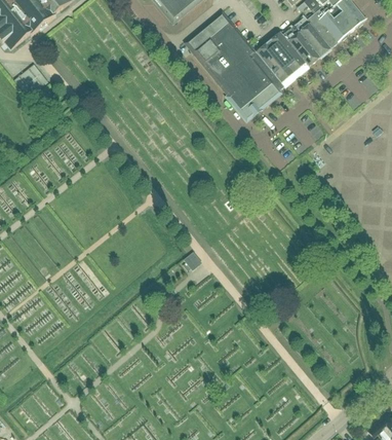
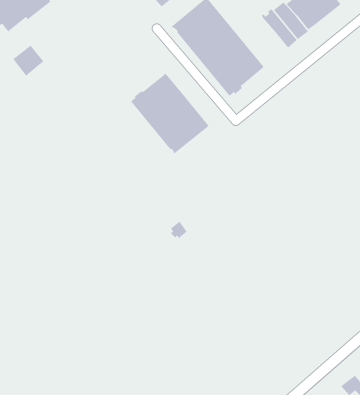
building: [256,32,308,86] -> none
building: none -> [130,73,209,155]

